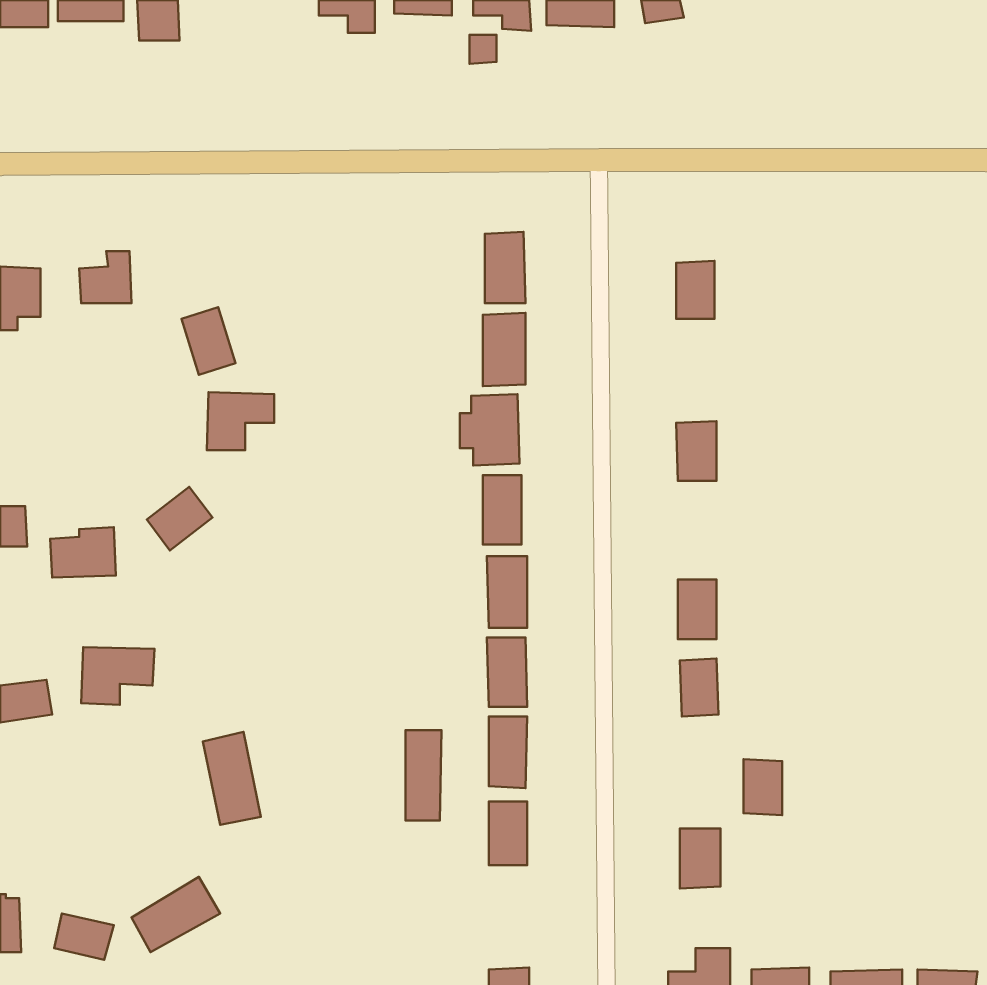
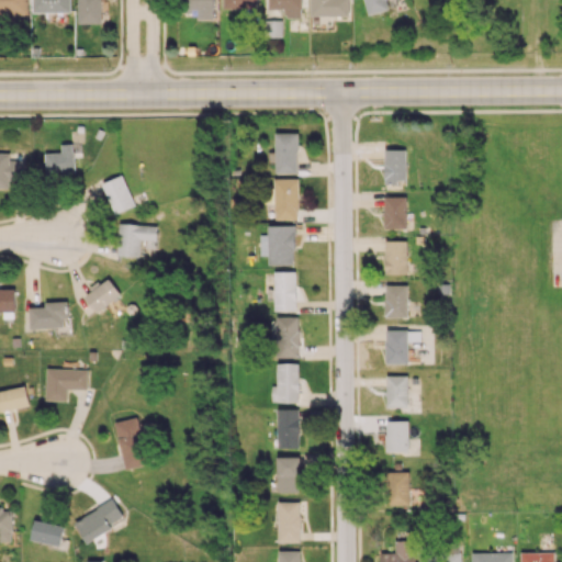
building: none -> [384,198,406,229]
building: none -> [385,285,407,317]
building: [406,730,442,821] -> none
building: [743,759,782,815] -> [386,420,408,452]
building: none -> [278,503,301,543]

